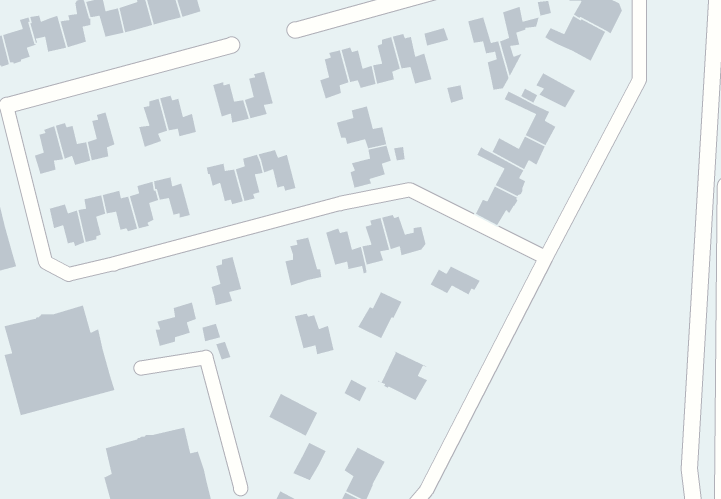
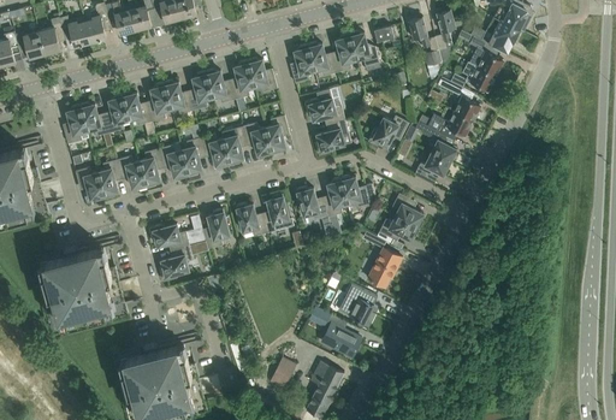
building: none -> [468,36,502,76]
building: none -> [247,57,277,91]
building: none -> [189,71,212,110]
building: none -> [120,90,150,125]
building: none -> [265,114,288,154]
building: none -> [367,114,408,146]
building: none -> [180,137,205,176]
building: none -> [391,193,424,227]
building: none -> [148,224,206,249]
building: [357,290,403,339] -> [366,247,402,286]
building: [294,313,334,355] -> [235,202,267,236]
building: [268,393,318,437] -> [321,321,361,356]

